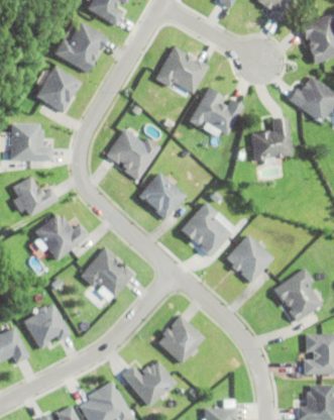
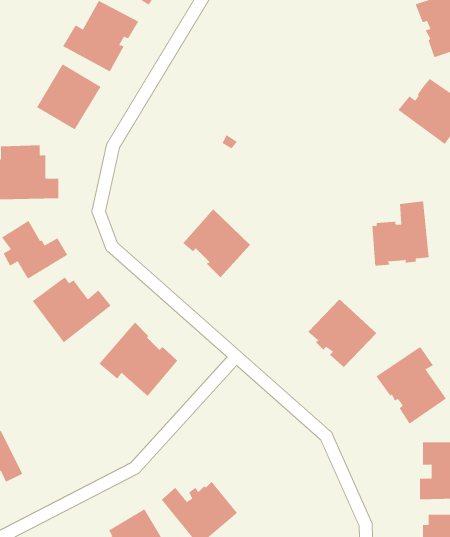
building: [155,47,210,95] -> none
building: [189,90,244,137] -> none
building: [251,118,292,164] -> [372,201,430,266]
building: [106,126,161,178] -> none
building: [181,199,232,255] -> none
building: [22,301,70,347] -> none
building: [157,313,205,361] -> none

